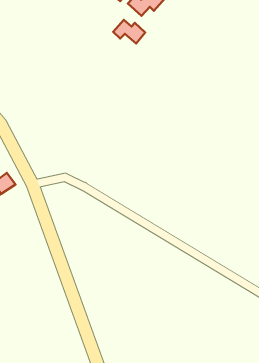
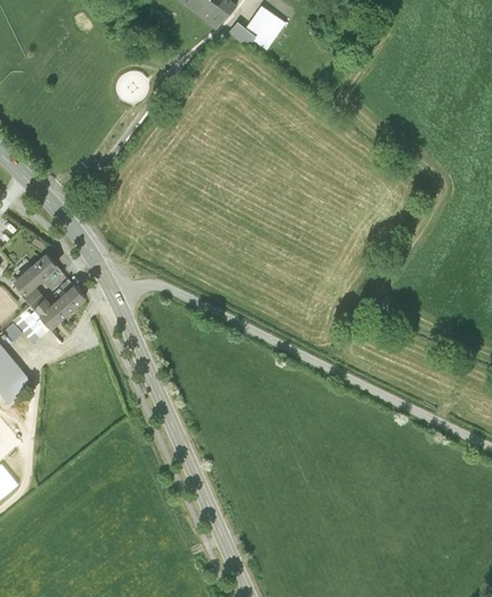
building: [113,20,145,43] -> none

